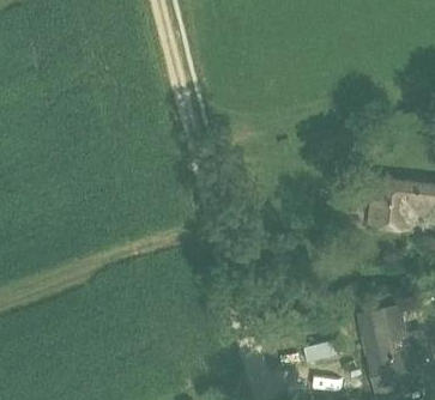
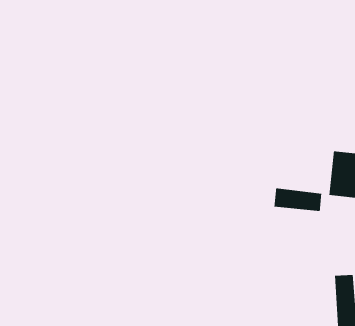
building: none -> [274,188,322,212]

